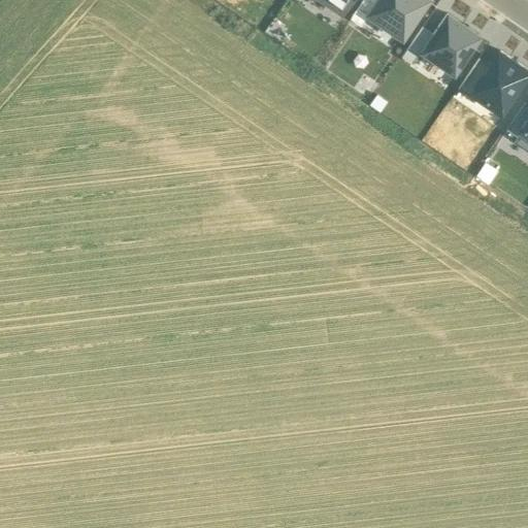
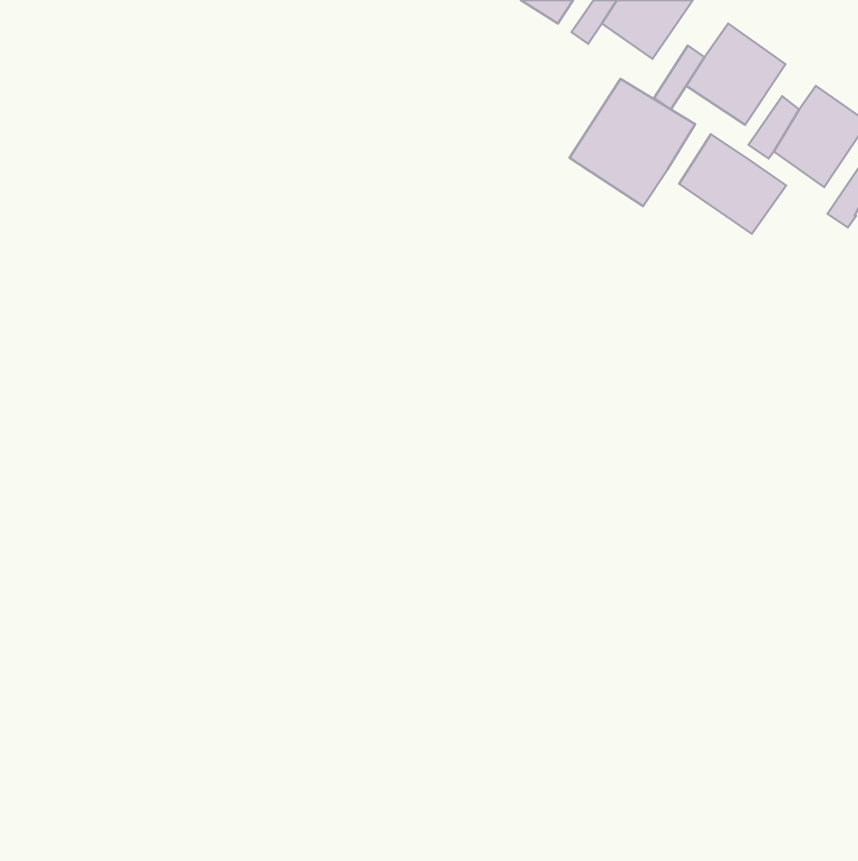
building: none -> [570,79,695,206]
building: none -> [679,134,786,234]

